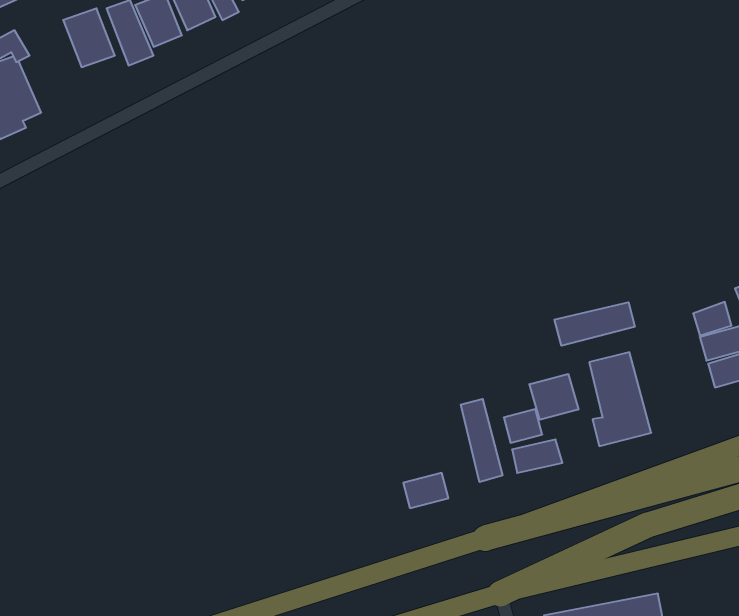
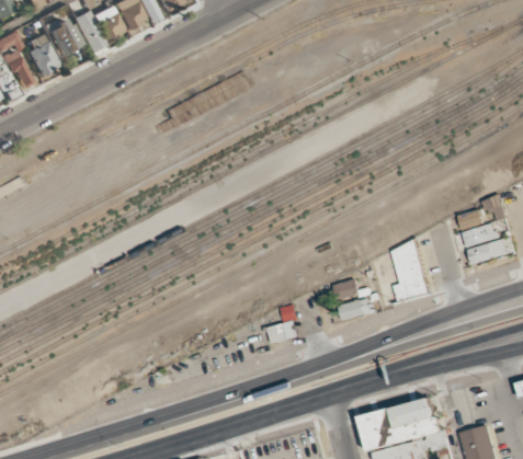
building: none -> [24,35,56,77]
building: [554,302,635,346] -> none
building: [529,374,578,420] -> none
building: [461,399,503,482] -> none

